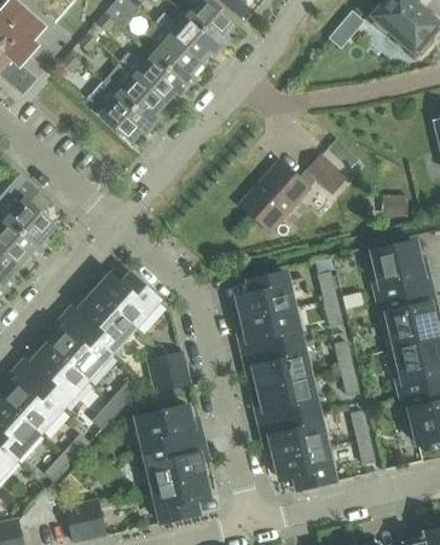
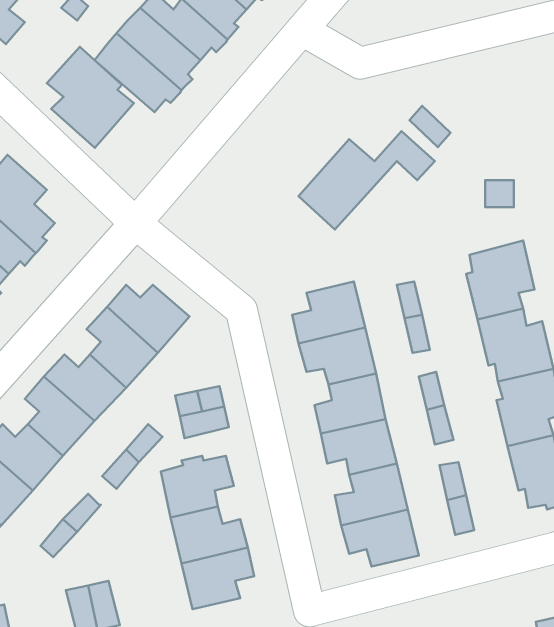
building: none -> [47,47,134,148]

